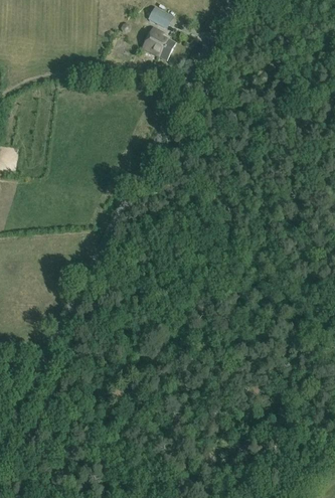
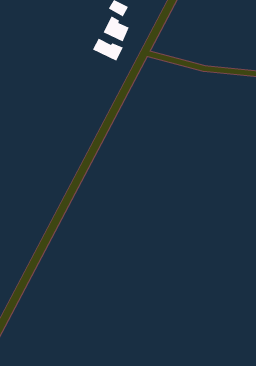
building: none -> [92,38,123,61]

